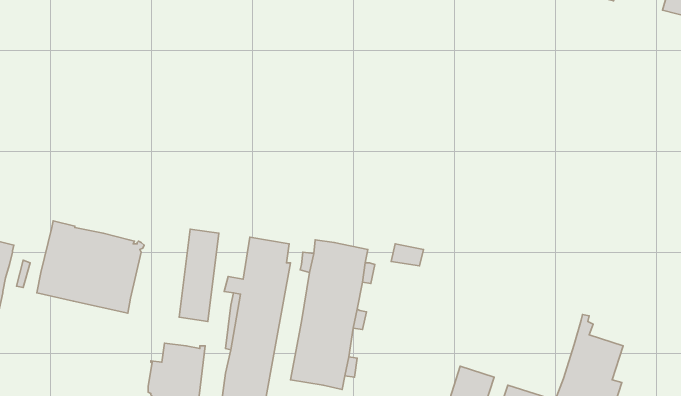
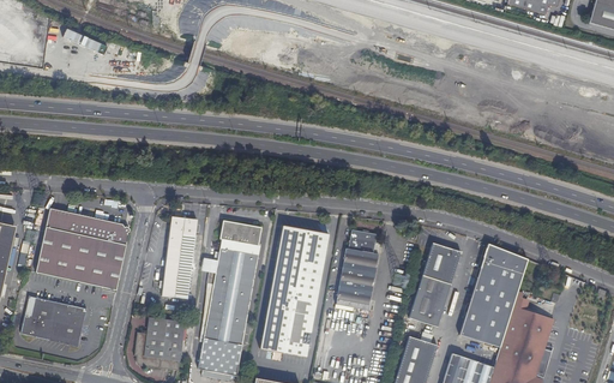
building: none -> [409,241,464,328]
building: none -> [459,243,529,347]
building: none -> [336,247,379,309]
building: none -> [22,297,86,345]

